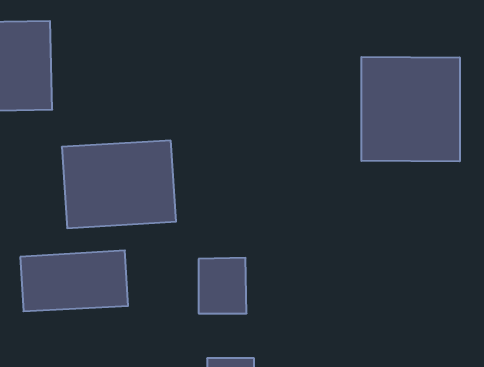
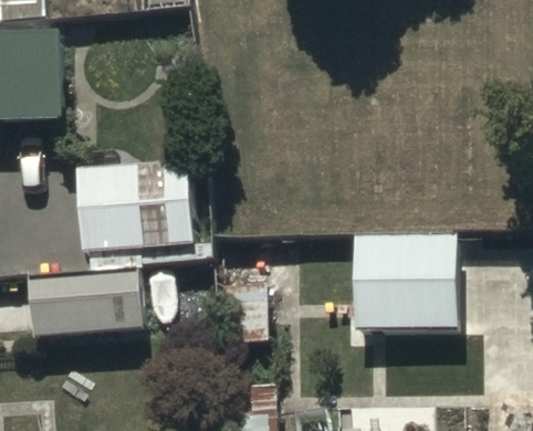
building: [361,57,460,161] -> none
building: none -> [353,233,457,326]

